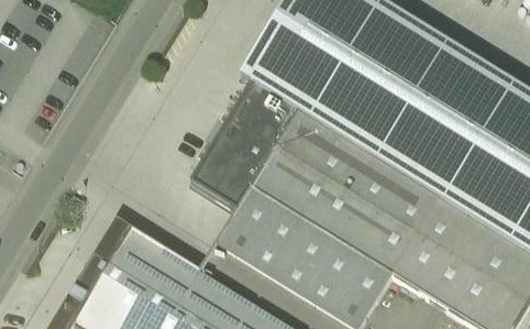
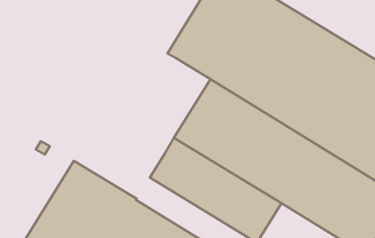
building: [190,85,298,212] -> none

